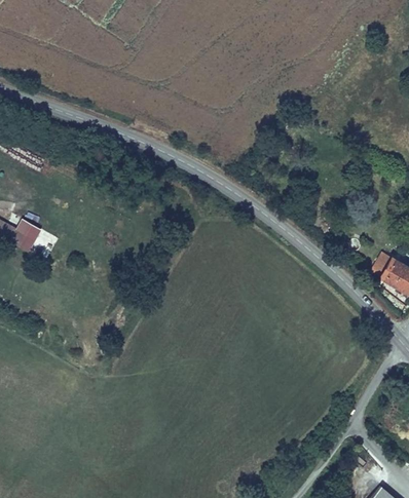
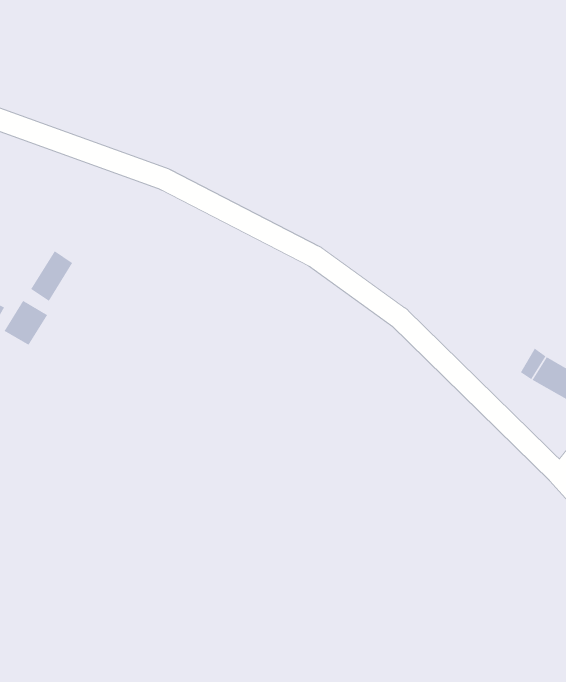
building: none -> [30,250,73,302]

